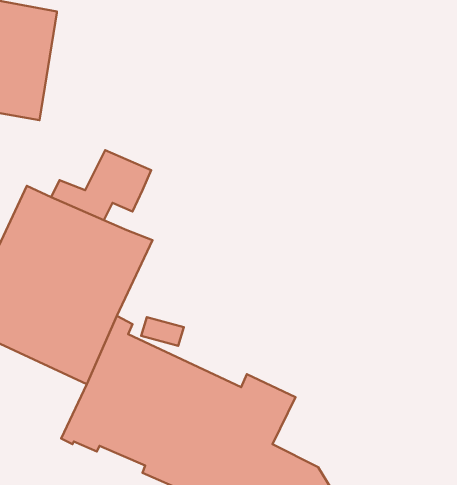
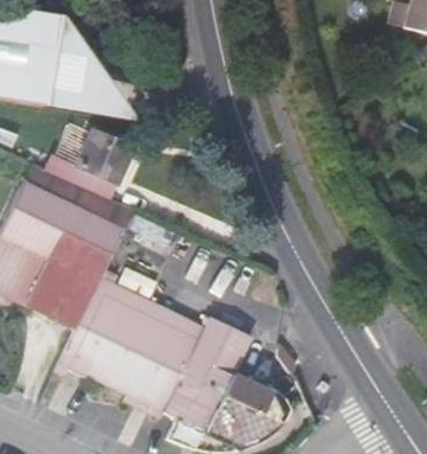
building: none -> [39,15,127,120]

